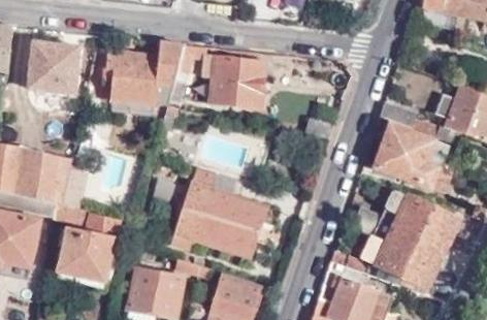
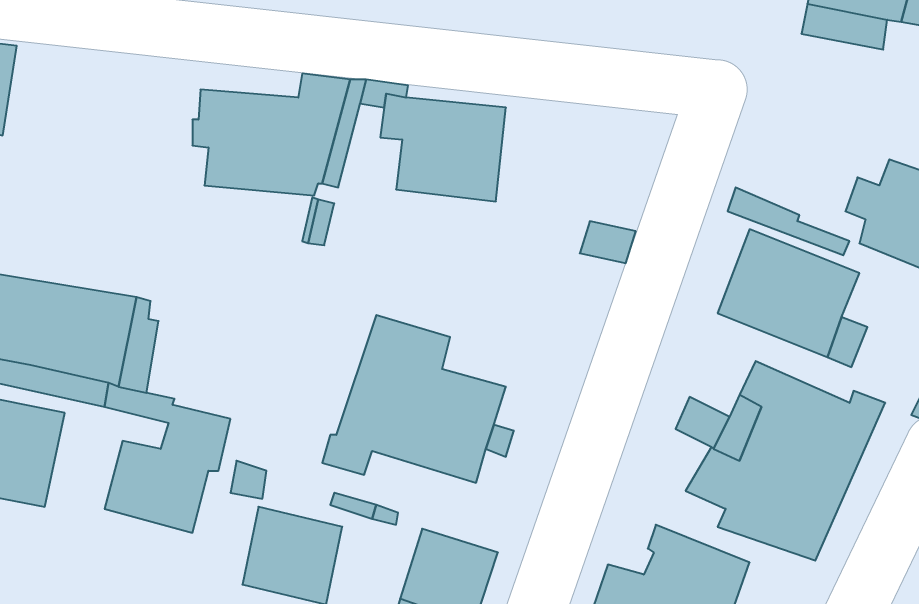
building: [26,44,78,96] -> none

